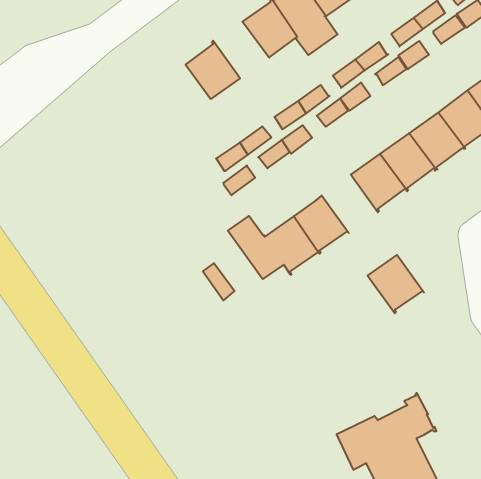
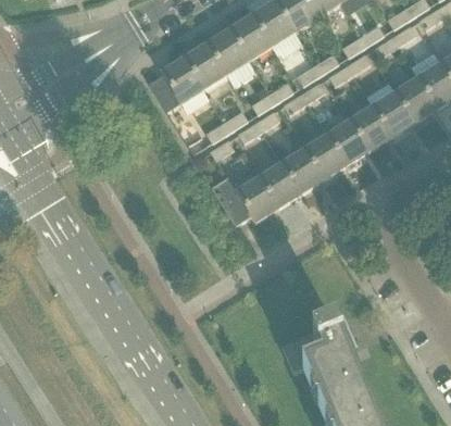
building: none -> [210,28,251,72]
building: none -> [151,57,205,109]
building: [368,255,424,313] -> [284,149,325,192]

